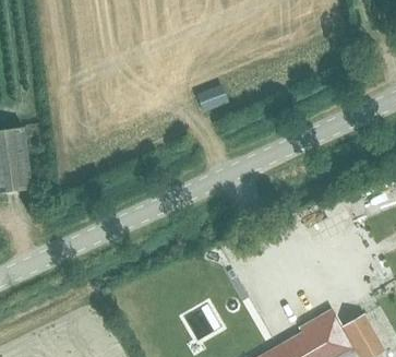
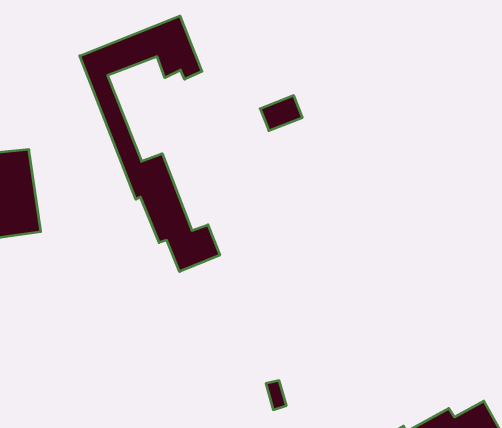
building: none -> [80,16,220,272]

